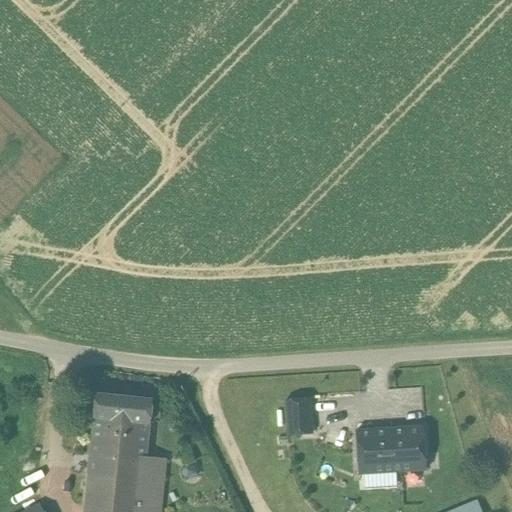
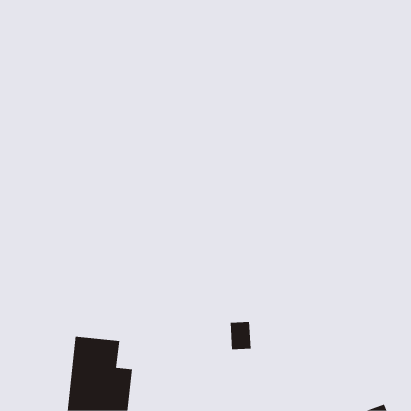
building: [93,393,153,423] -> none
building: [357,425,427,474] -> none

